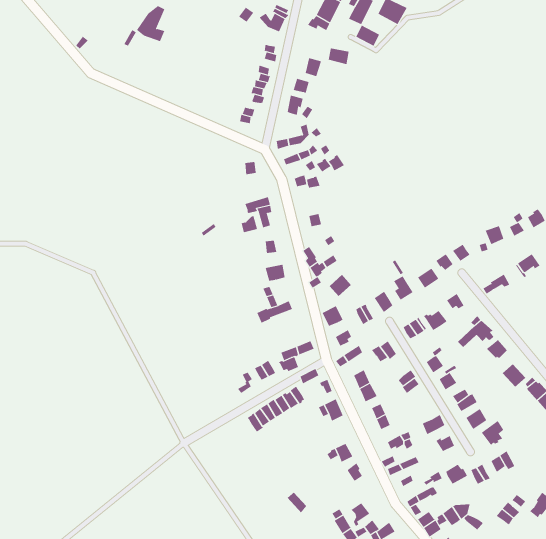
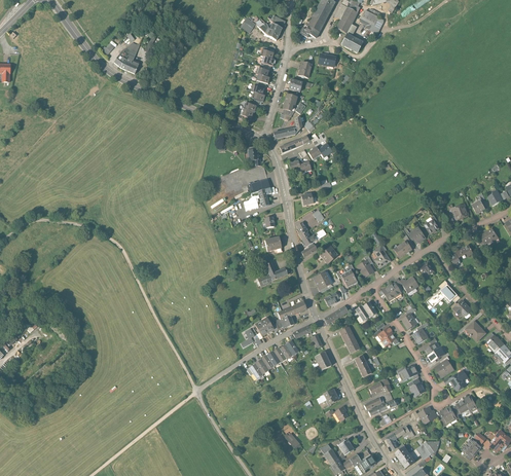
building: [136,6,165,42] -> [114,41,139,72]

